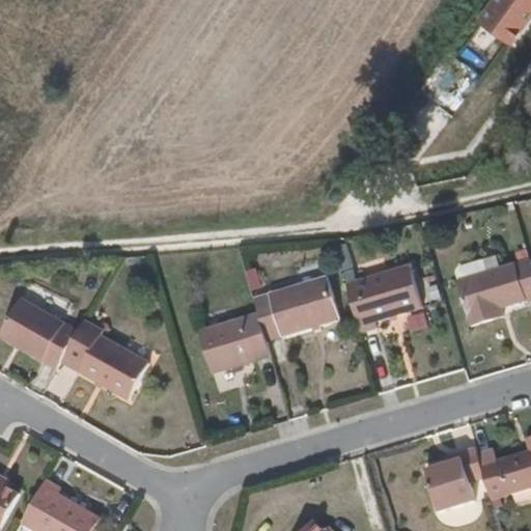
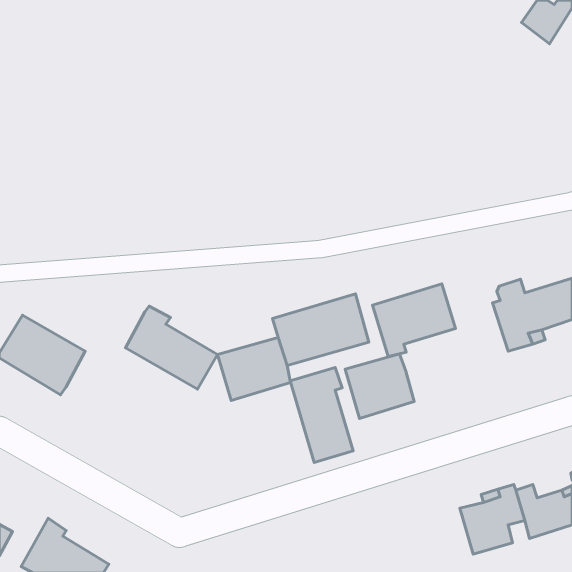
building: [61,320,146,397] -> [126,306,218,389]
building: none -> [345,354,414,419]
building: none -> [290,367,353,463]

